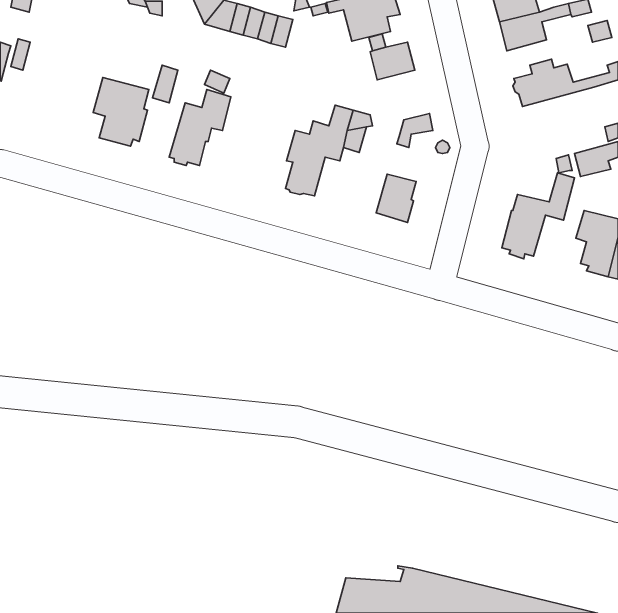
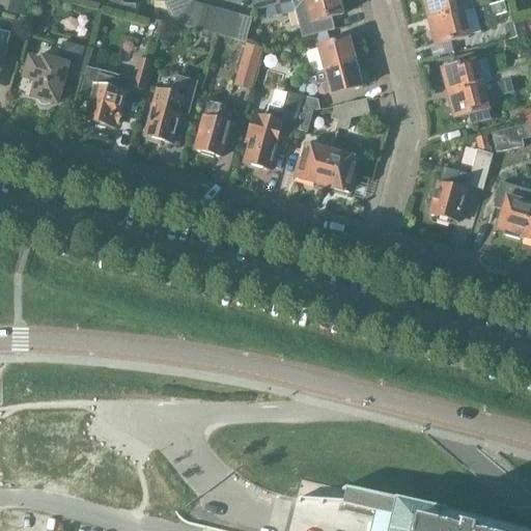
building: none -> [25,39,85,105]
building: none -> [235,44,263,88]
building: none -> [307,60,367,93]
building: none -> [448,75,512,121]
building: none -> [195,102,233,156]
building: none -> [295,142,332,183]

